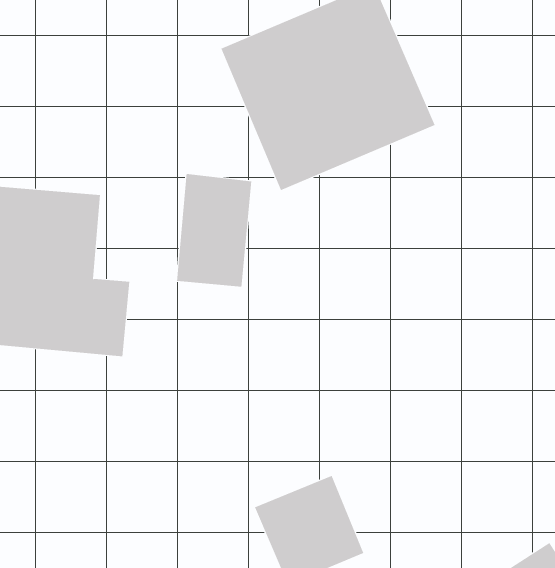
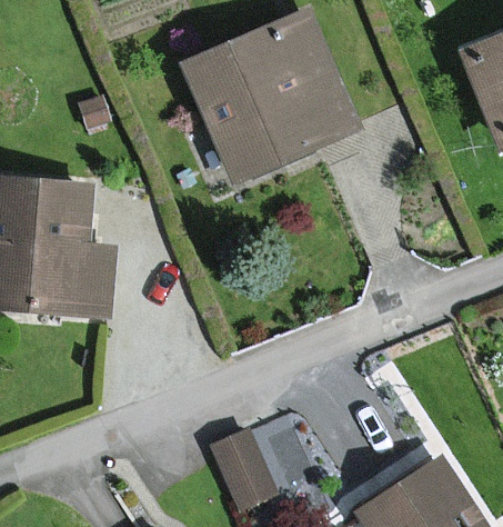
building: [177,173,252,287] -> none

